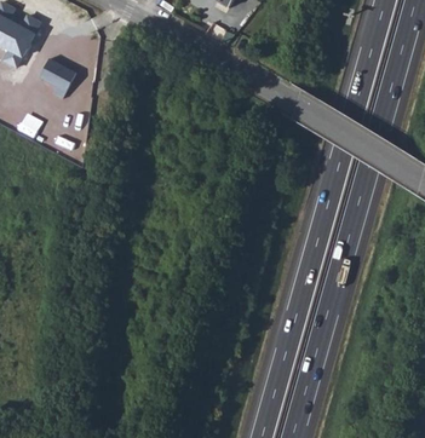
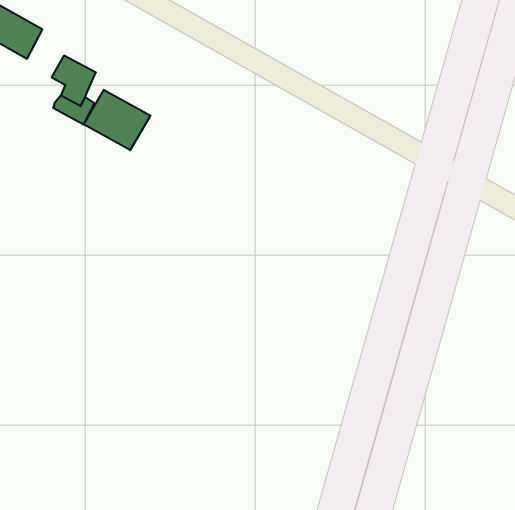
building: none -> [84,90,150,150]

